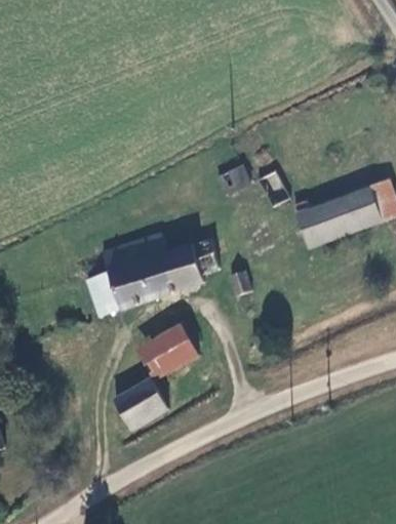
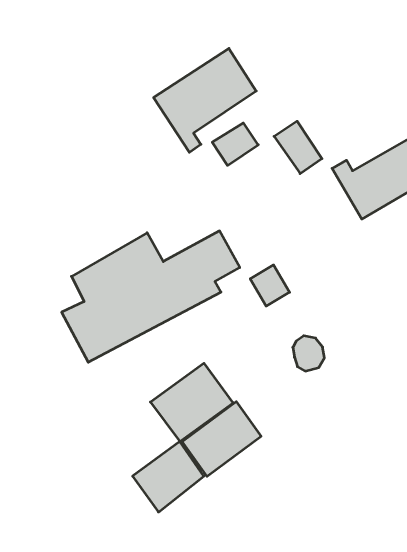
building: none -> [154,48,256,152]
building: none -> [182,402,261,476]

